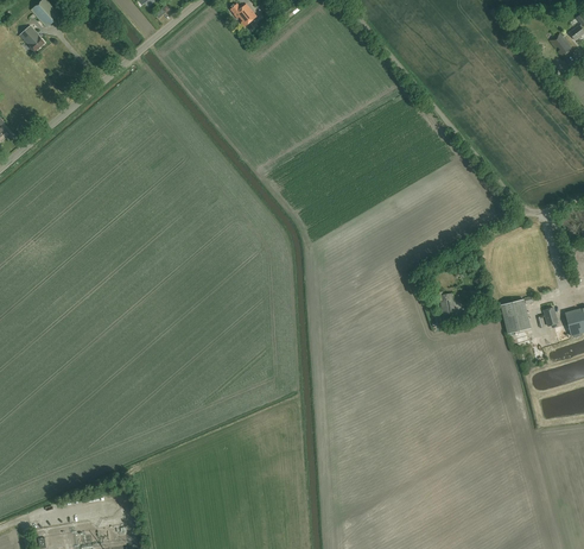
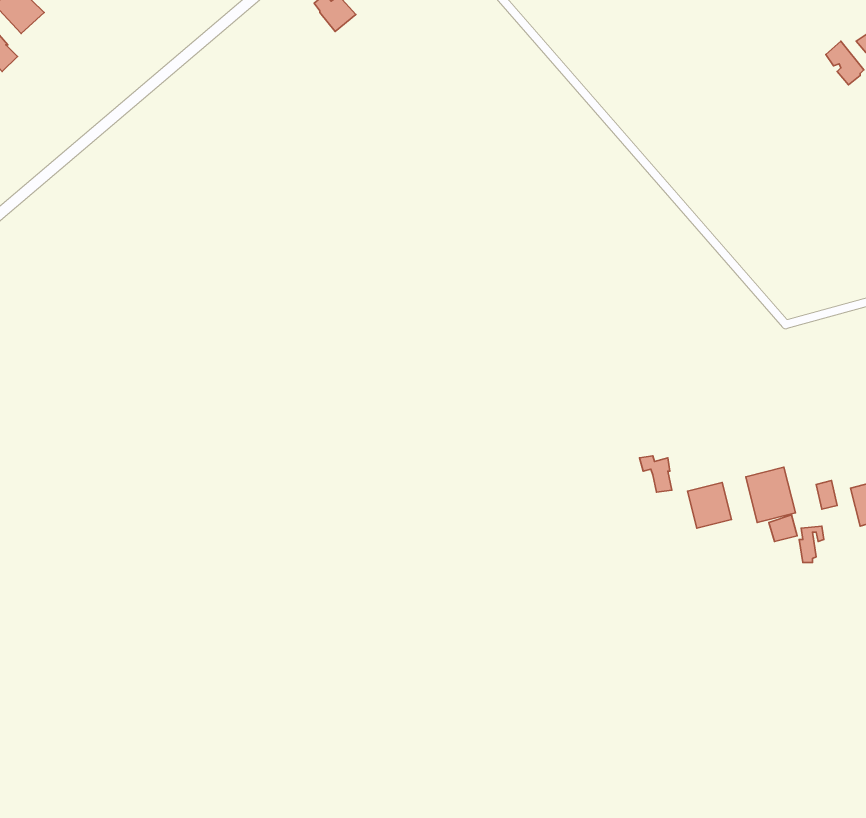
building: none -> [687,483,731,528]

